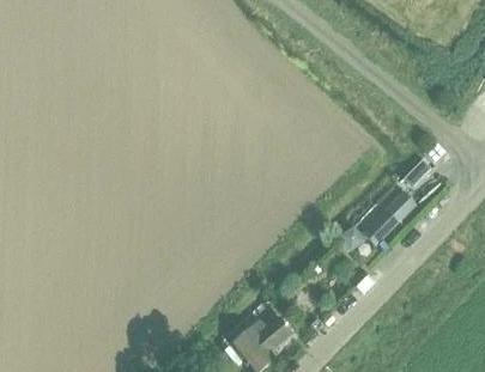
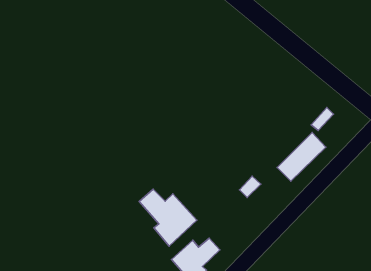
building: none -> [139,189,197,246]

